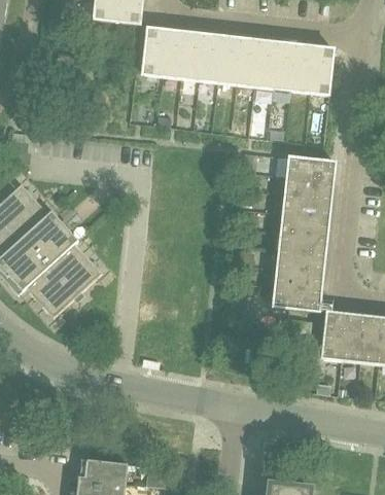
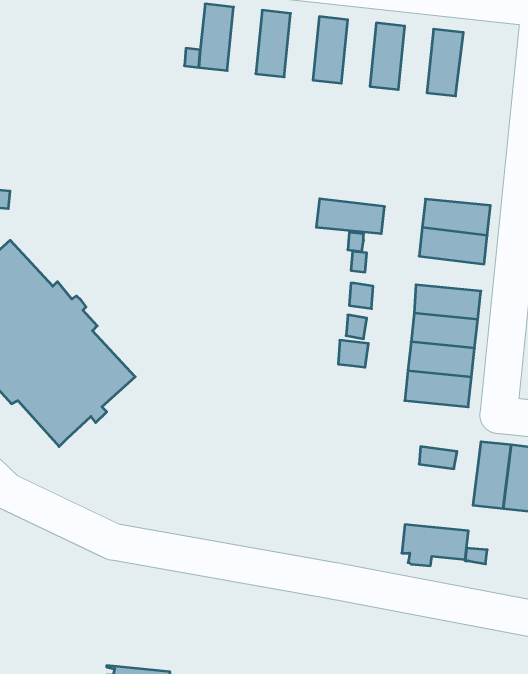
building: [162,32,184,75] -> none
building: [199,36,221,79] -> none
building: [236,40,258,83] -> none
building: [273,44,295,87] -> none
building: [310,48,334,92] -> none
building: [284,193,328,216] -> [316,199,385,234]
building: [275,287,318,314] -> [402,525,468,566]

